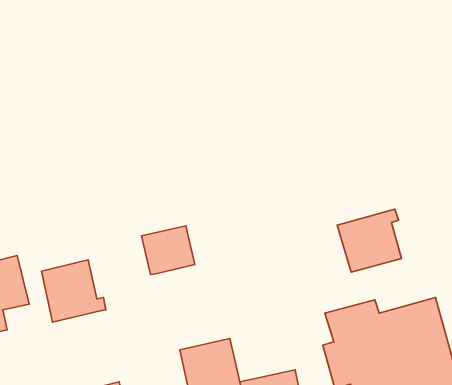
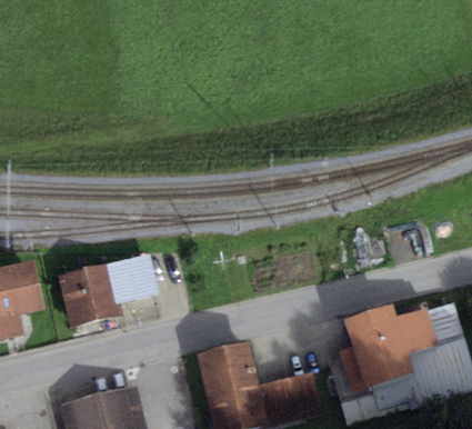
building: [337,209,402,272] -> none
building: [142,226,195,275] -> [104,253,158,302]

